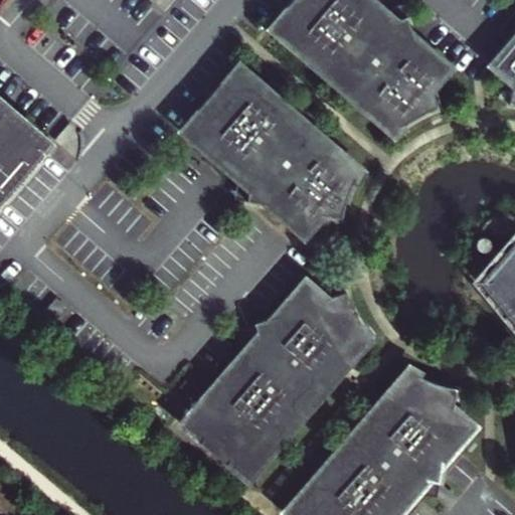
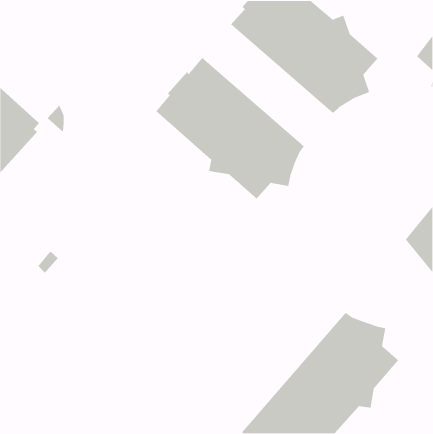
building: [183,282,371,480] -> none

